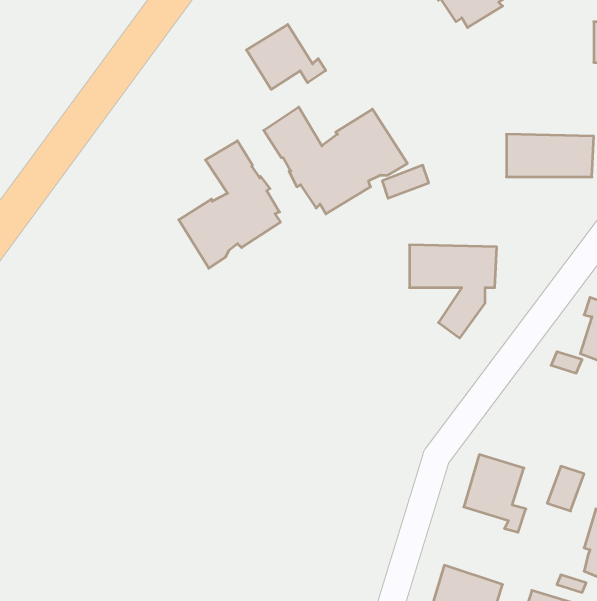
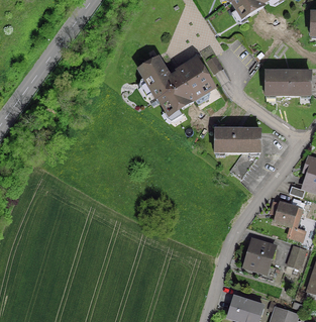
building: [246,24,326,89] -> none
building: [179,141,280,268] -> none
building: none -> [274,198,305,239]

